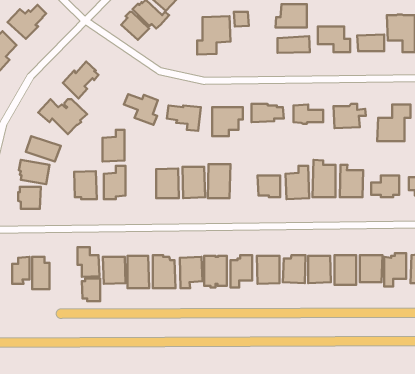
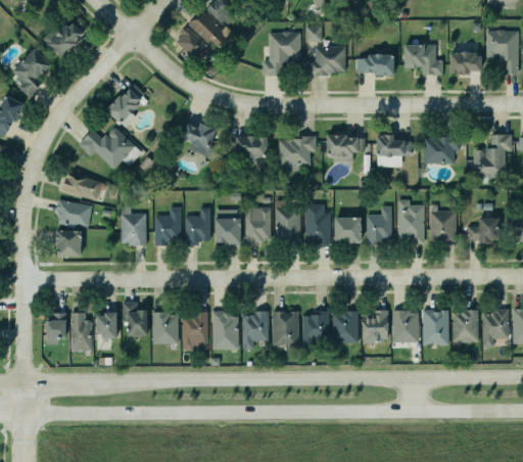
building: [275,4,307,28] -> [308,47,345,75]
building: [103,130,125,161] -> [185,207,210,244]
building: none -> [304,204,331,244]
building: [82,278,100,301] -> [94,313,115,339]

